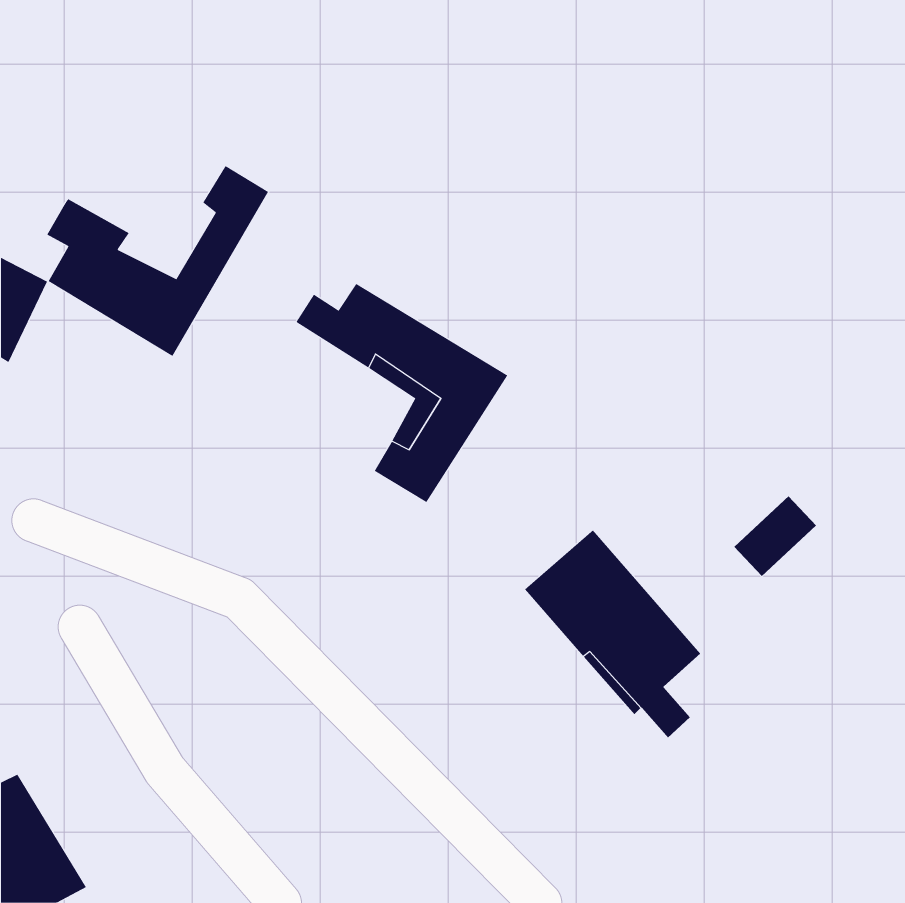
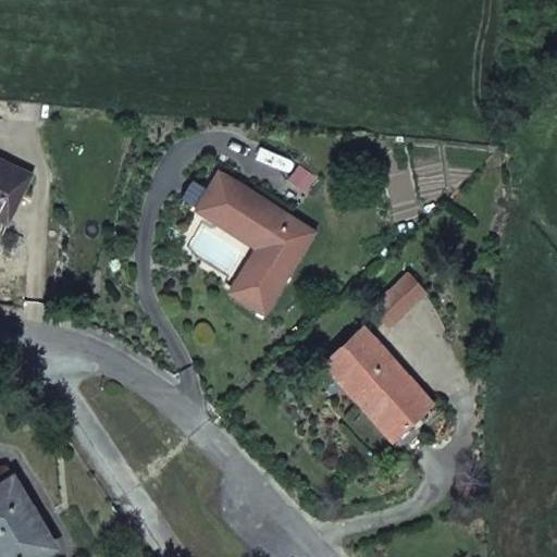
building: [47,165,269,357] -> none
building: [733,495,817,577] -> [381,278,432,329]

